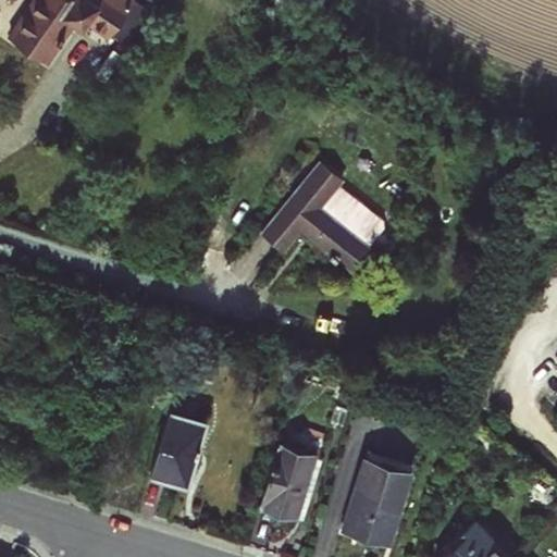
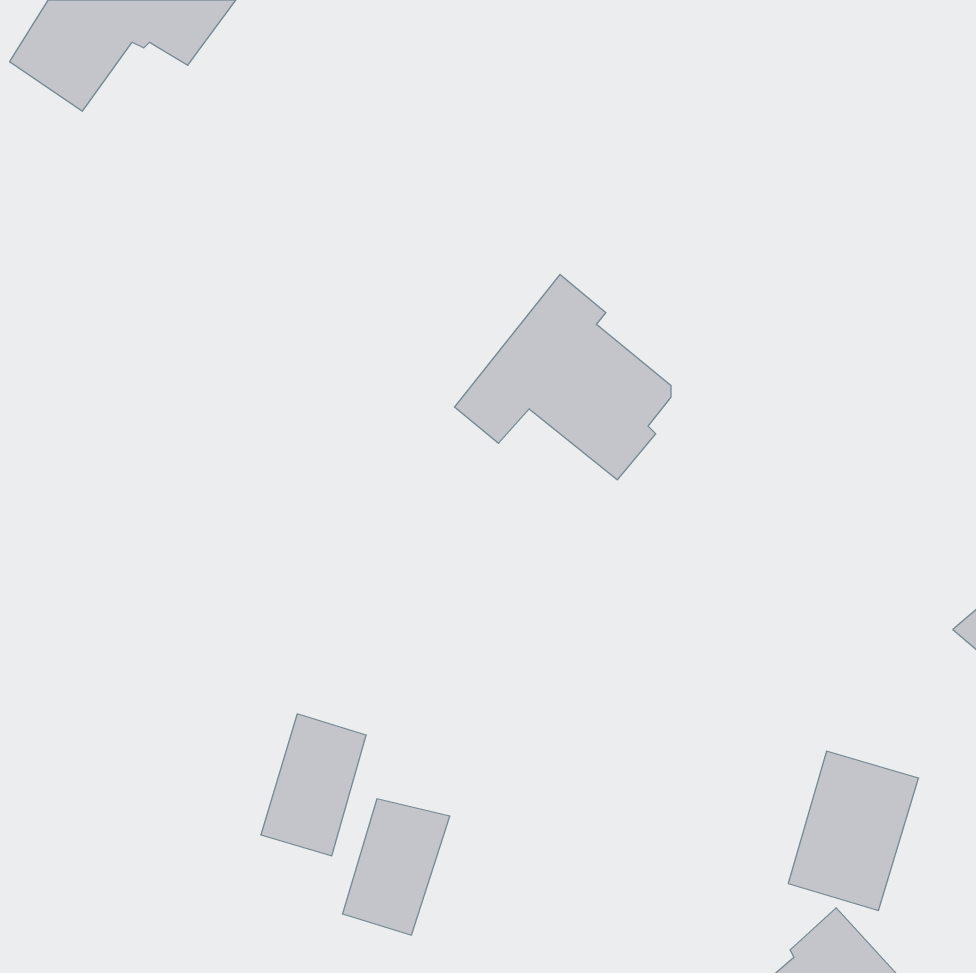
building: [259,445,320,522] -> [342,799,450,935]
building: [341,458,414,548] -> [788,751,919,910]

